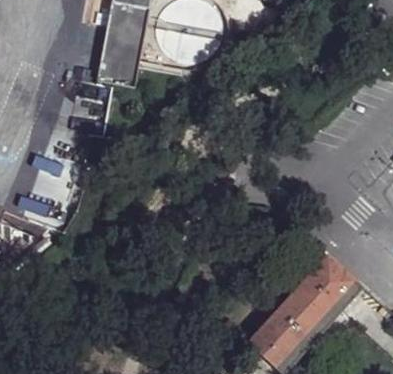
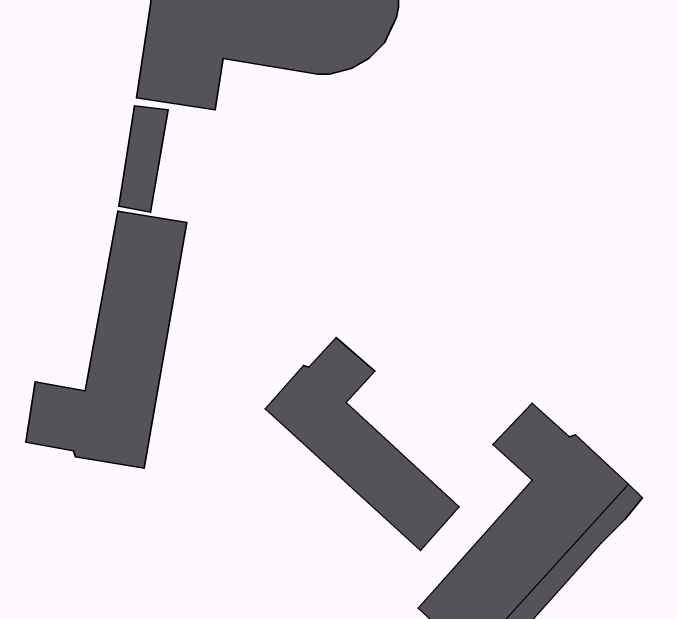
building: none -> [26,211,187,468]
building: none -> [265,338,459,550]

